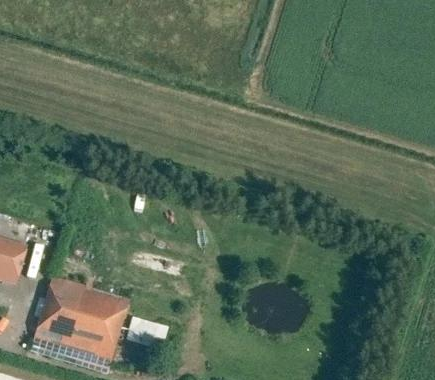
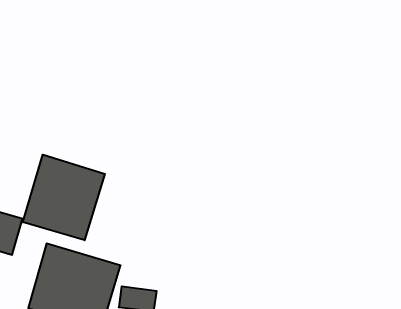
building: none -> [23,155,105,240]

